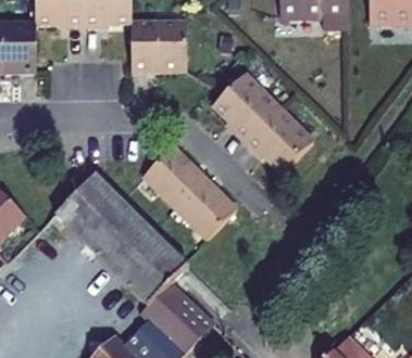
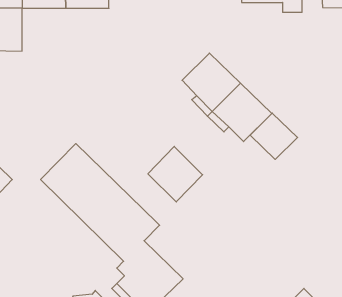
building: [132,23,186,71] -> none
building: none -> [250,113,298,159]
building: [142,146,204,207] -> none

